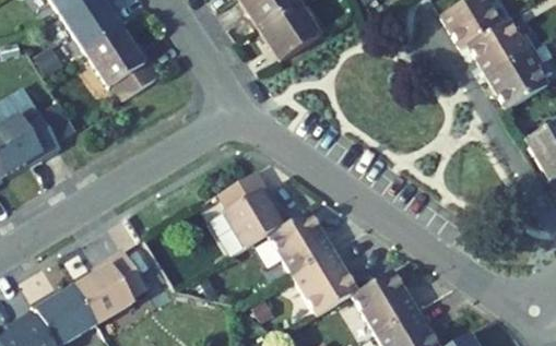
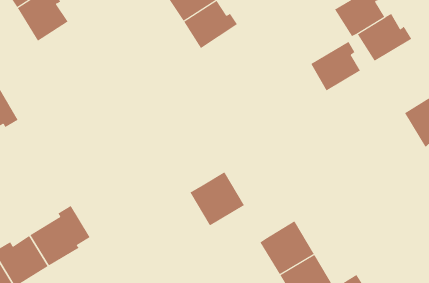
building: [84,29,159,102] -> none
building: [488,50,548,110] -> [311,41,361,91]
building: [210,171,282,256] -> none
building: [291,250,357,315] -> none

